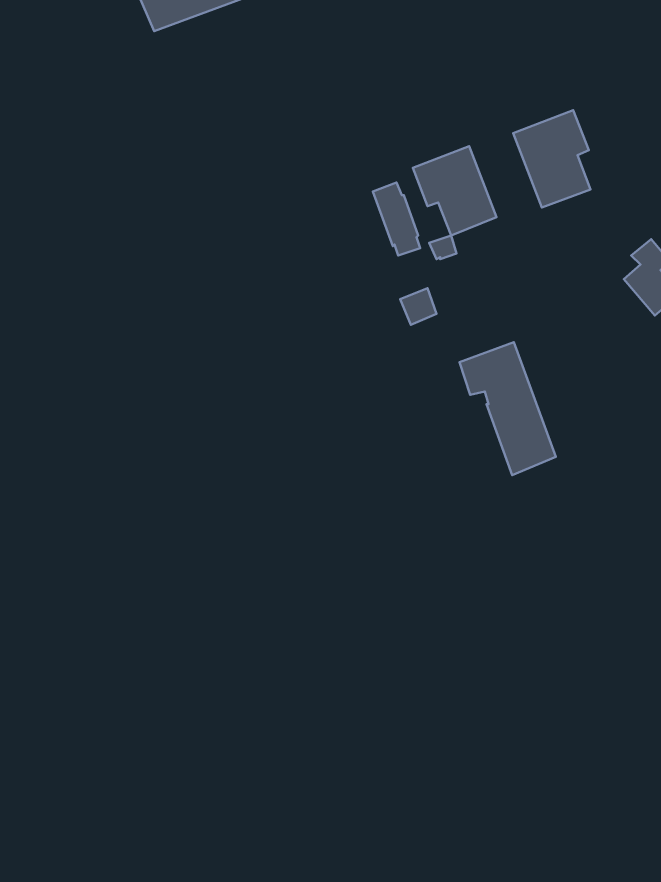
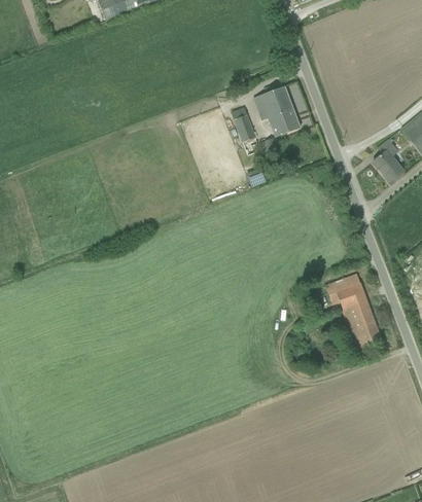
building: [513,110,591,208] -> none
building: [459,342,556,475] -> [327,274,382,349]

